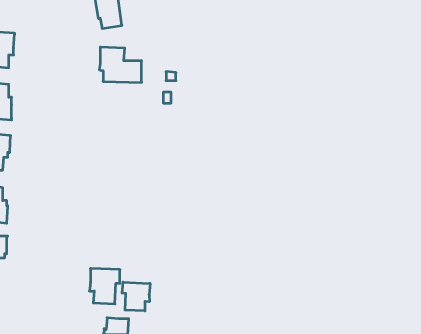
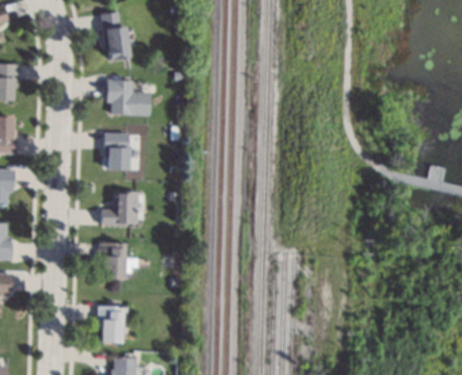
building: none -> [104,133,128,170]
building: none -> [101,191,137,225]
building: none -> [99,243,137,279]
building: [122,282,150,311] -> none

